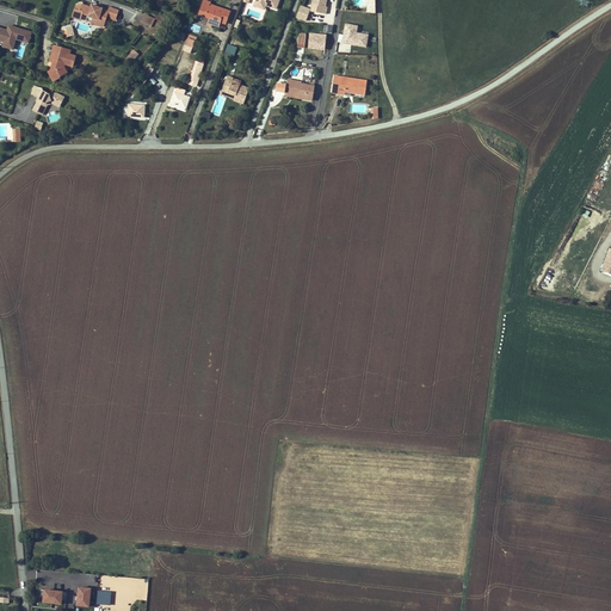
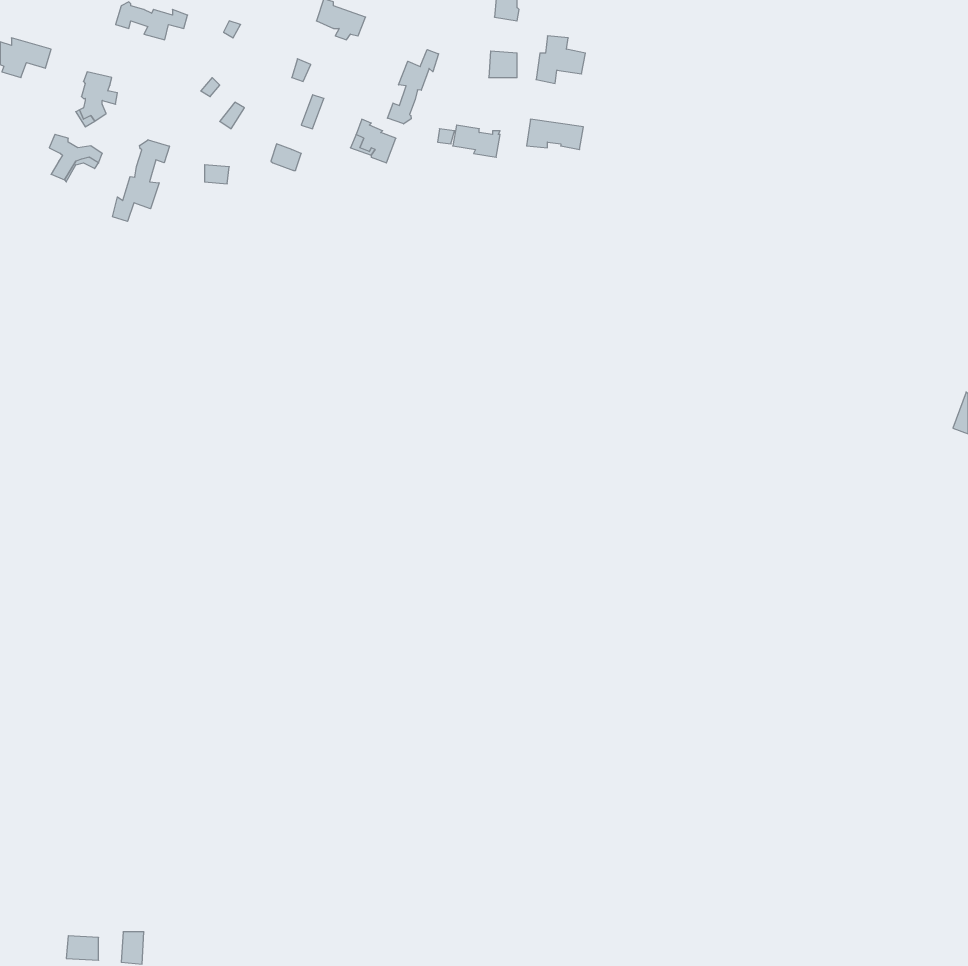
building: none -> [387,50,439,124]
building: none -> [113,140,169,221]

